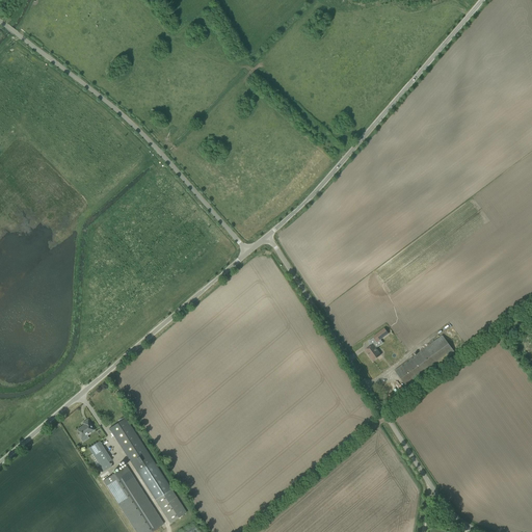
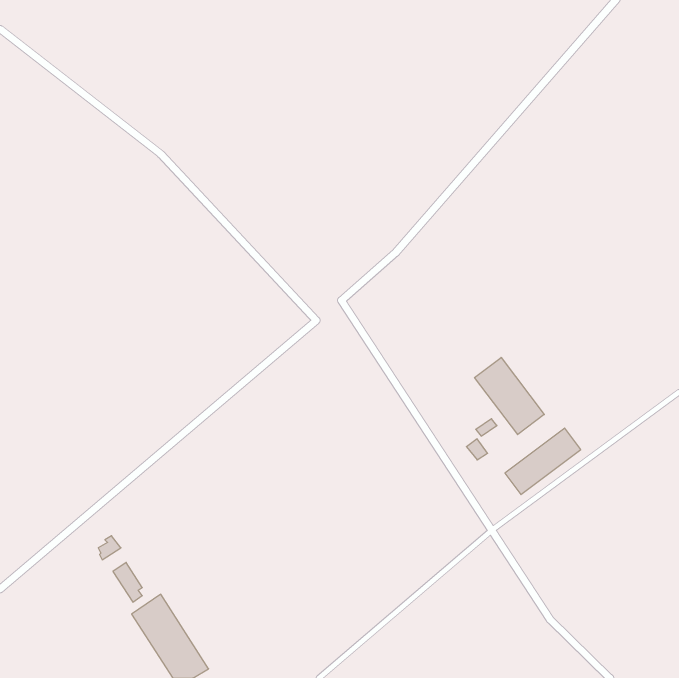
building: none -> [475,357,544,435]
building: [109,417,186,522] -> none

